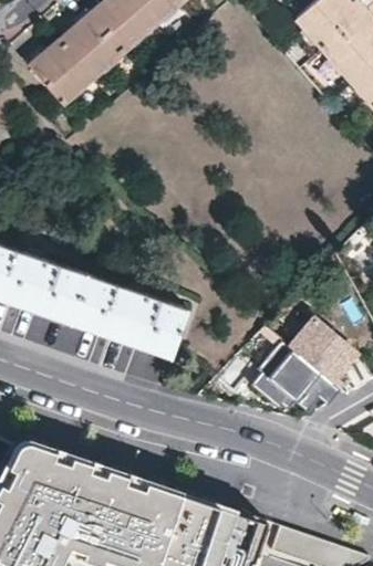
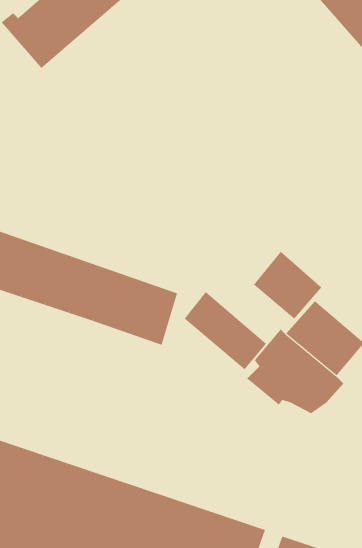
building: none -> [253,251,322,320]
building: none -> [184,291,267,370]

